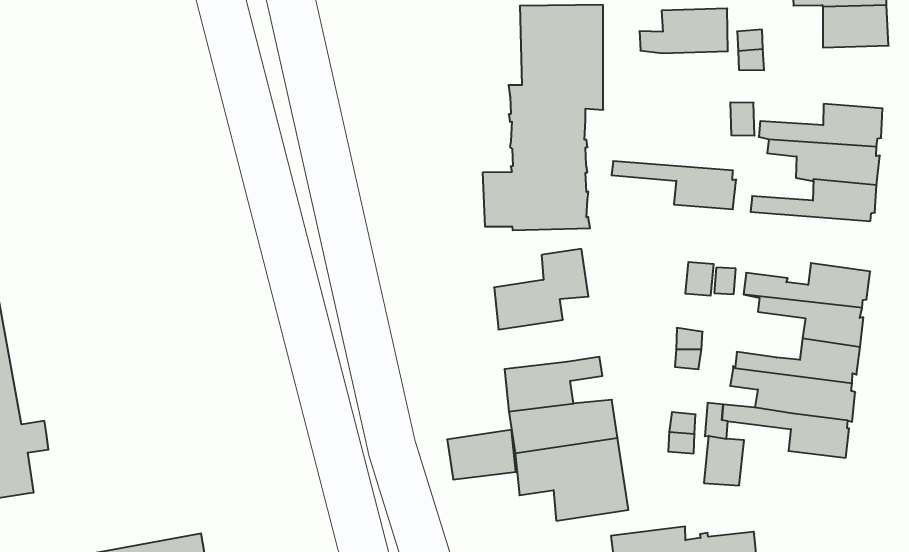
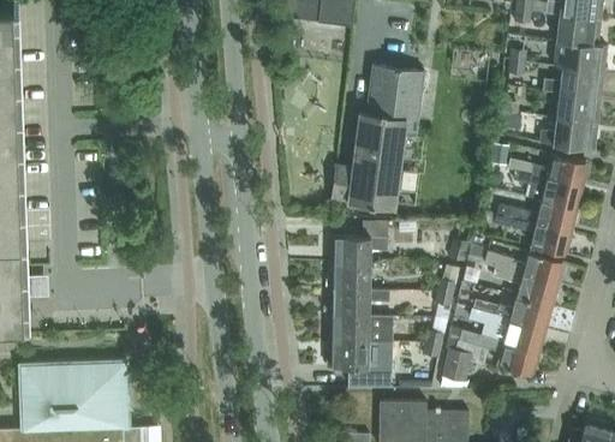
building: [639,8,728,53] -> [539,120,597,151]
building: [611,161,736,209] -> [494,215,571,256]
building: [447,430,516,479] -> [329,264,370,291]

